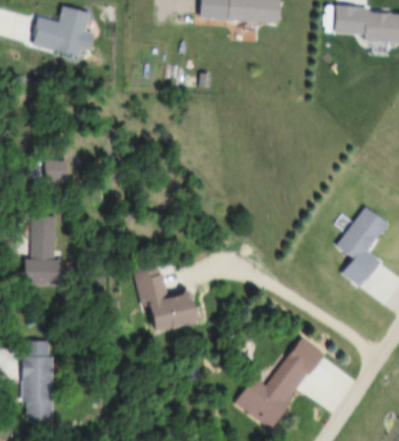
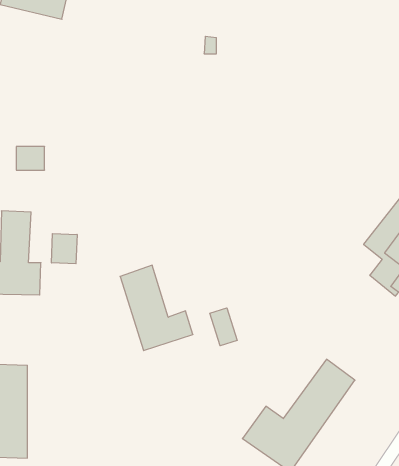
building: none -> [52,234,77,264]
building: none -> [210,308,237,346]

